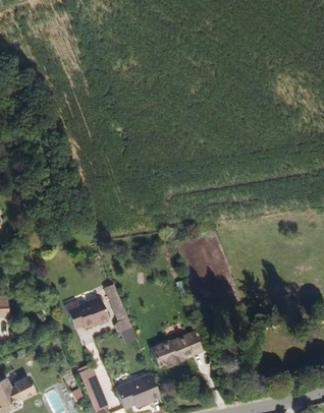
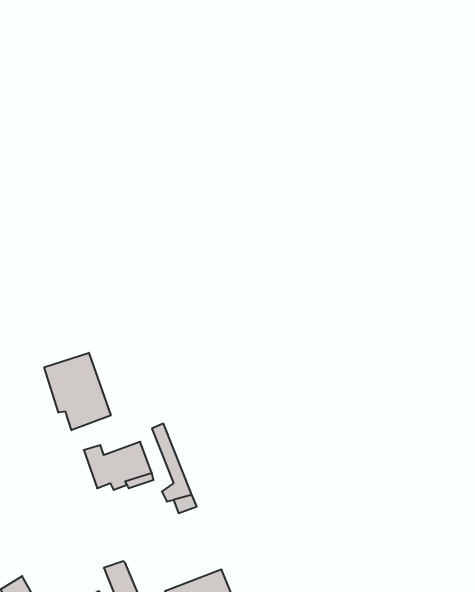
building: none -> [44,353,111,430]
building: [152,332,204,366] -> none

